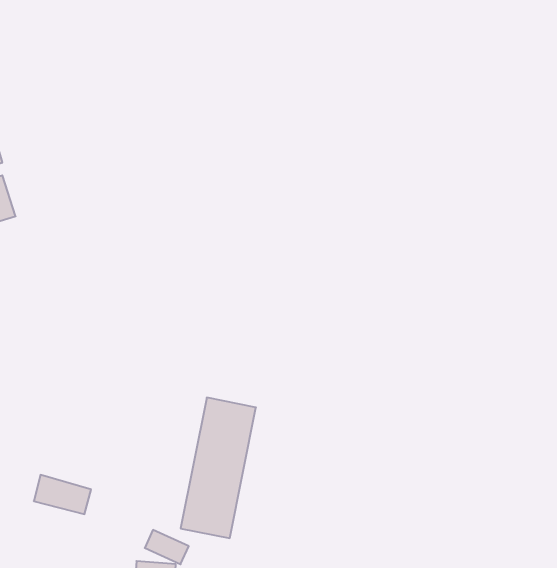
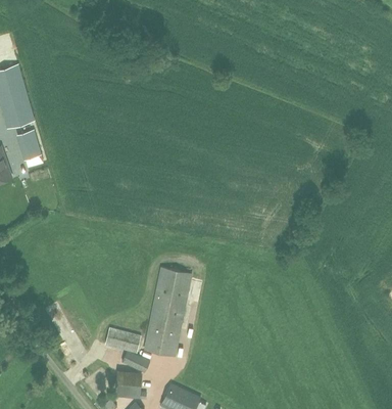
building: [34,475,91,514] -> [104,327,140,352]

